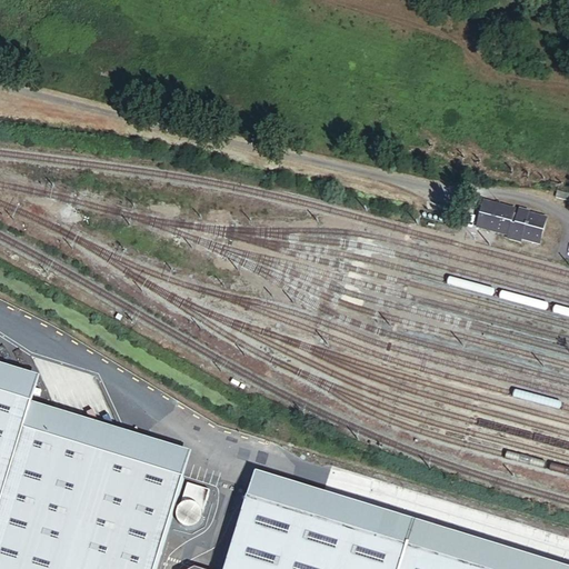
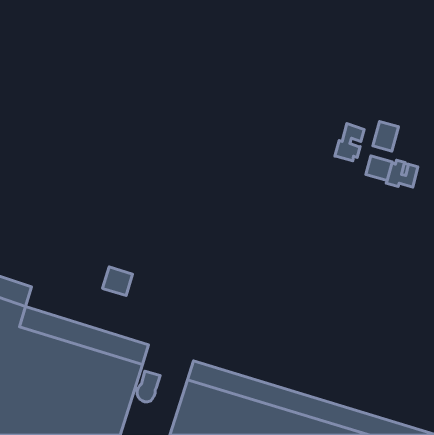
building: none -> [373,122,398,151]
building: none -> [335,124,364,161]
building: none -> [103,267,133,296]

